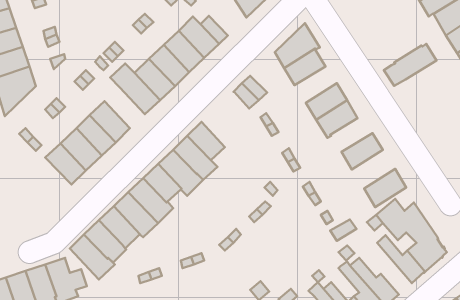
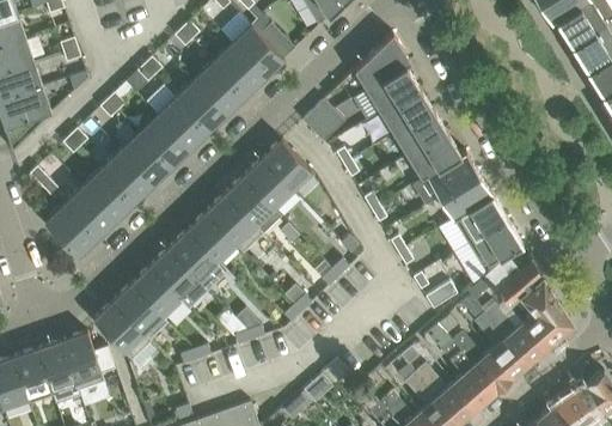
building: [384,44,437,86] -> [412,152,479,206]
building: none -> [380,89,434,135]
building: none -> [139,115,190,168]
building: none -> [262,141,312,191]
building: none -> [453,195,508,244]
building: none -> [44,205,97,257]
building: none -> [473,309,530,379]

